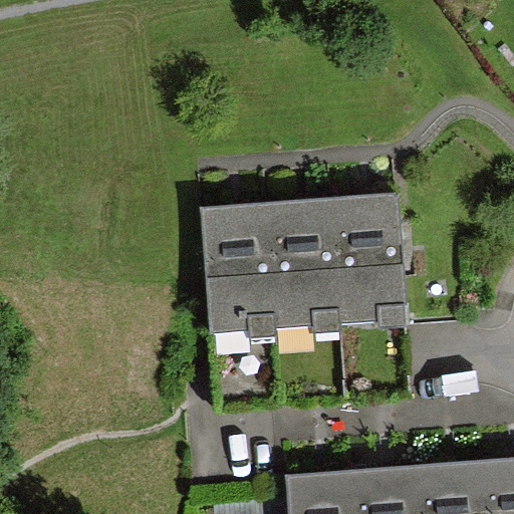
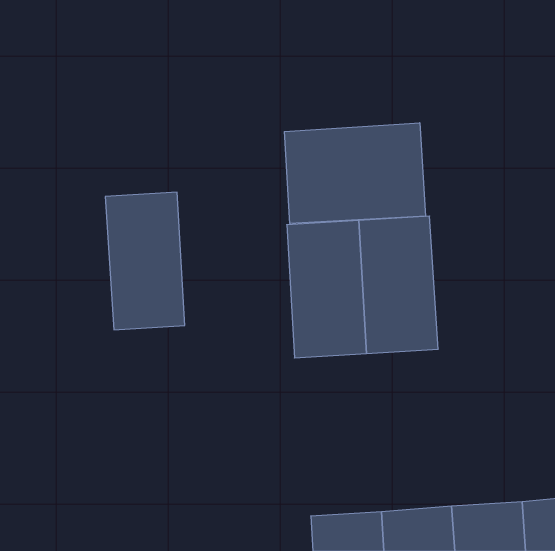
building: none -> [284,123,425,224]
building: [200,207,273,333] -> [105,192,185,330]

